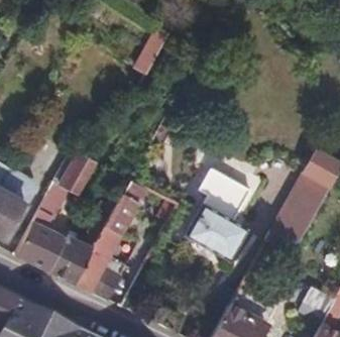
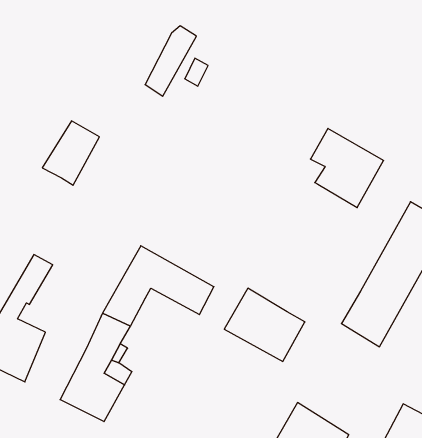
building: [58,150,97,195] -> [42,121,99,185]
building: [200,167,250,222] -> [310,128,384,208]
building: [51,235,94,283] -> none

